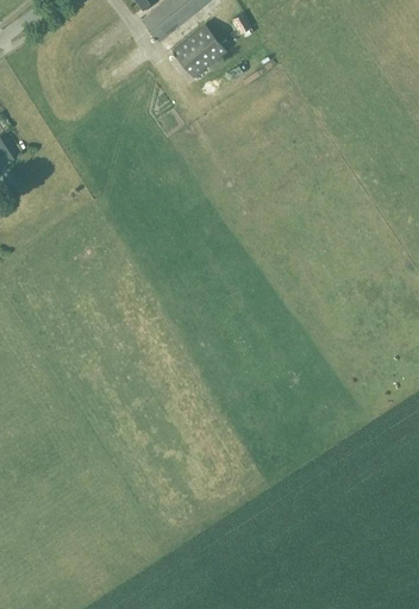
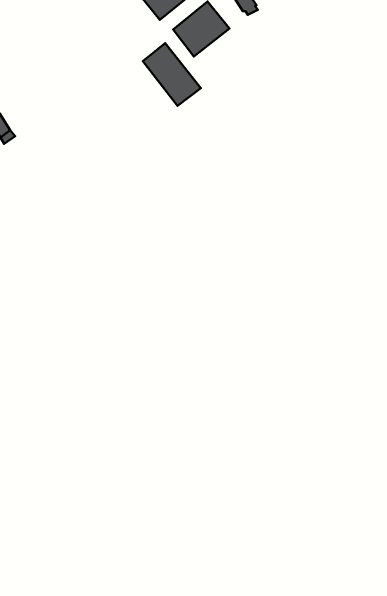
building: none -> [143,43,201,106]

